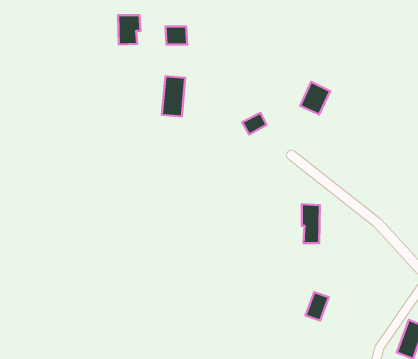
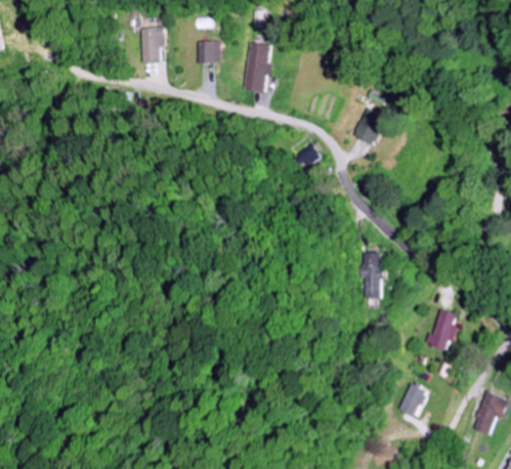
building: [162,76,185,117] -> [245,43,272,91]
building: none -> [425,308,459,350]
building: [305,292,329,321] -> [394,383,422,417]

